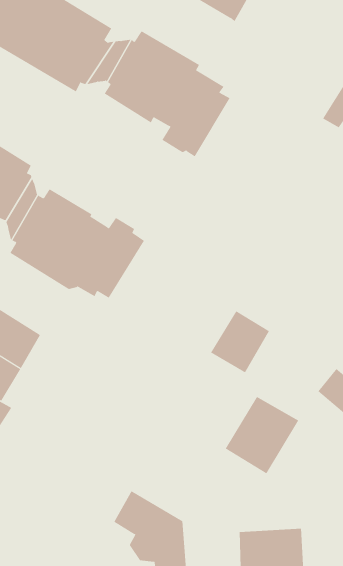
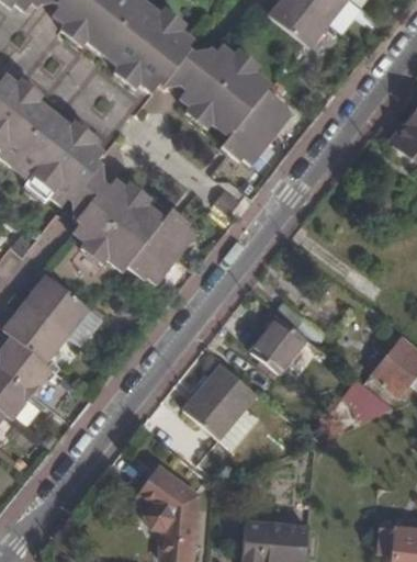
building: [225,396,299,474] -> [185,361,257,434]

